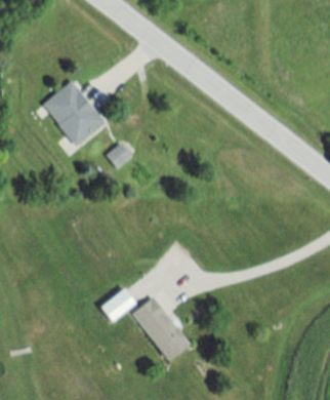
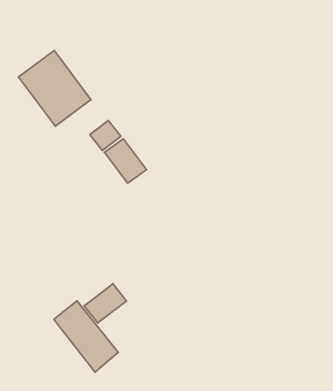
building: none -> [104,139,146,183]
building: [133,298,191,362] -> [54,301,118,372]

